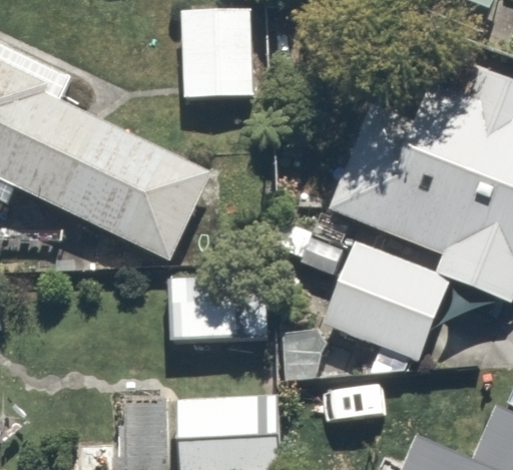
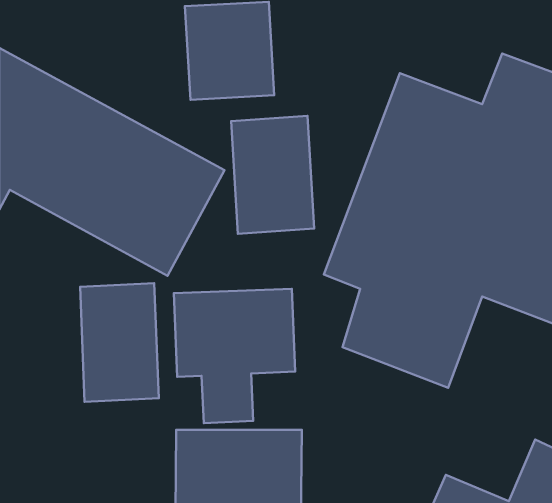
building: none -> [231,116,314,234]
building: none -> [80,283,159,402]

